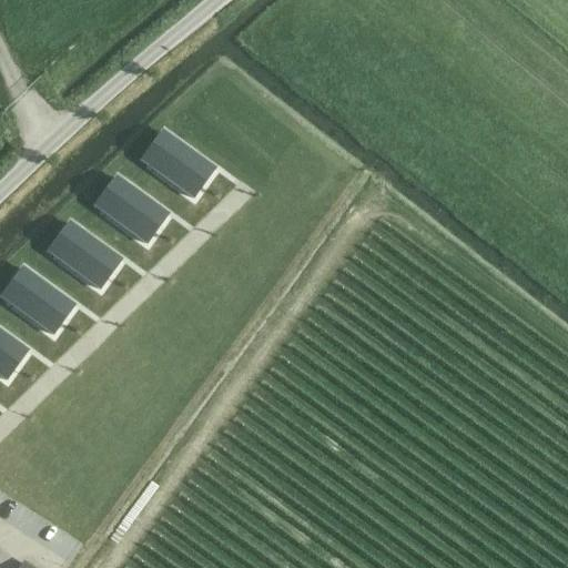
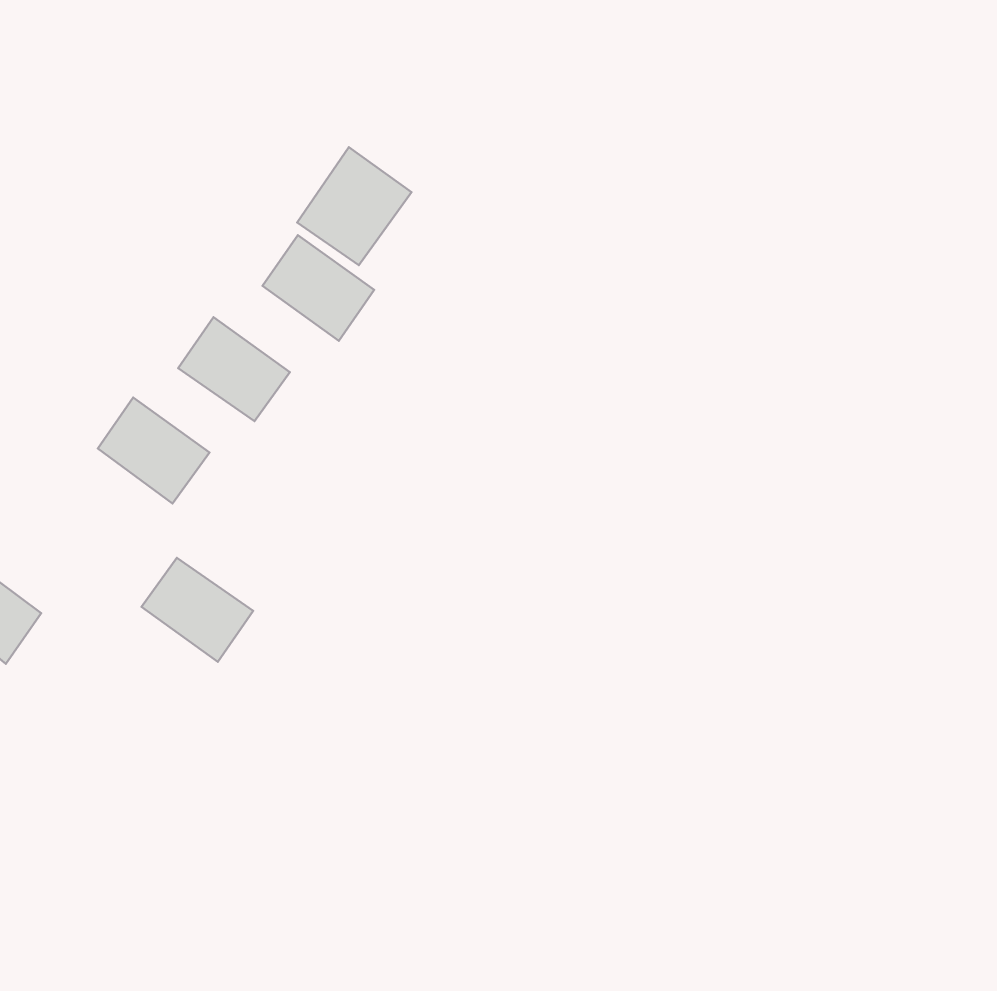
building: none -> [297,147,411,265]
building: [8,271,71,329] -> [142,558,253,662]

